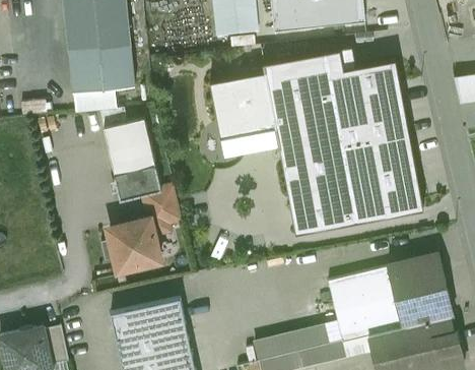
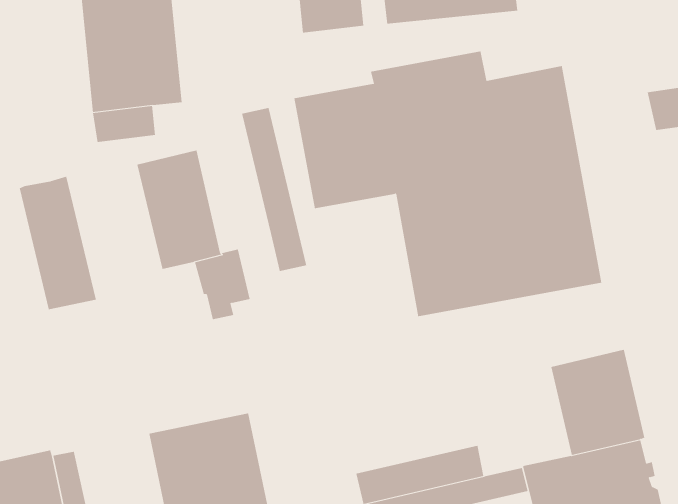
building: none -> [242,107,307,272]
building: none -> [19,176,97,310]
building: [107,219,160,272] -> none
building: [327,268,401,344] -> none

